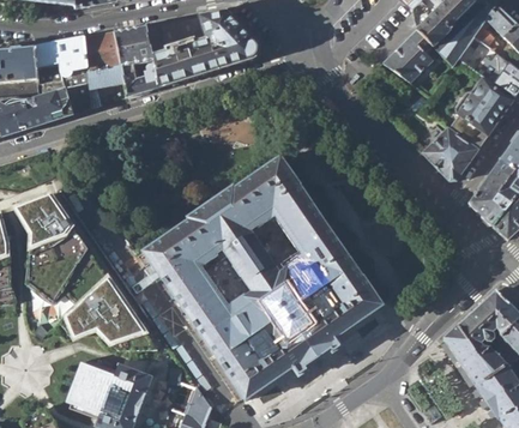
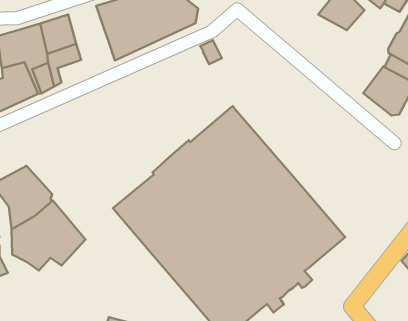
building: [115,26,159,97] -> none
building: [62,275,157,349] -> none

